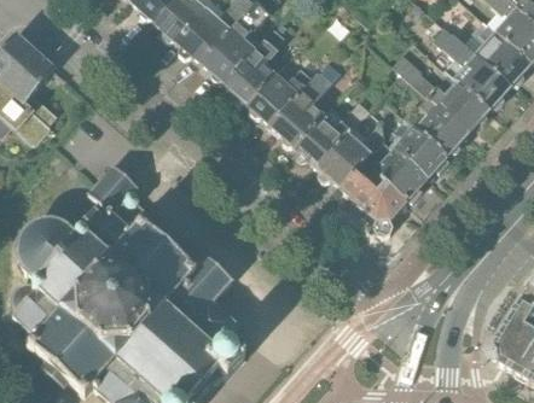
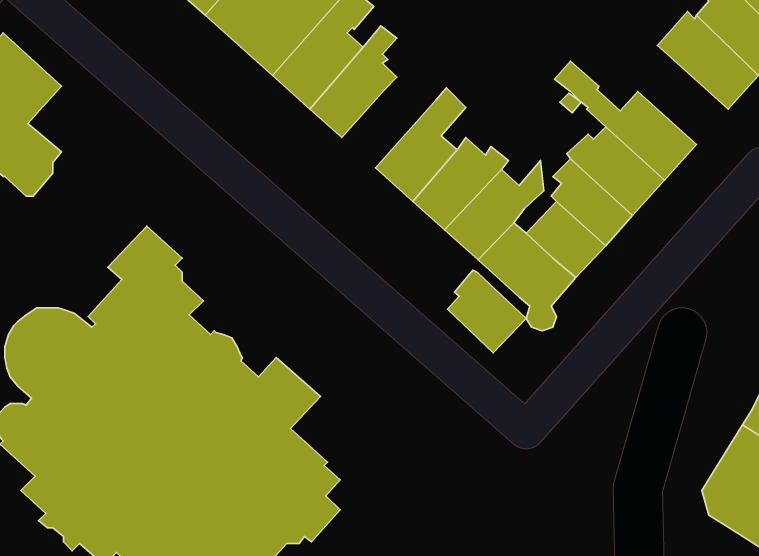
building: [433,27,510,110] -> none
building: [246,69,310,125] -> none
building: none -> [448,270,526,353]

